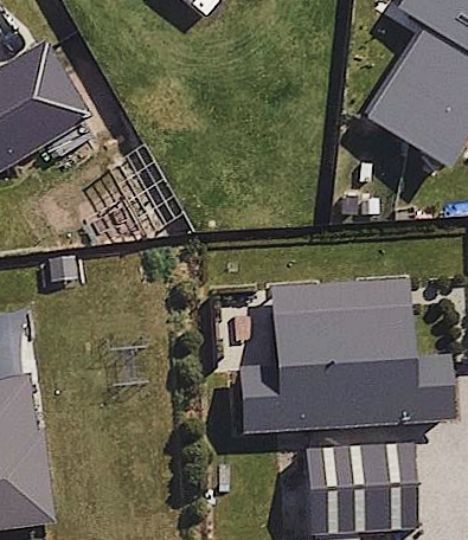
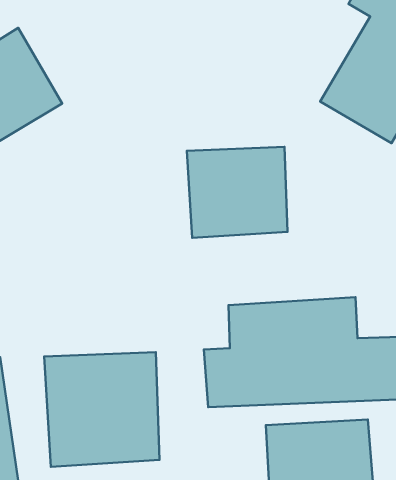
building: none -> [187,147,287,238]
building: none -> [44,352,160,467]

